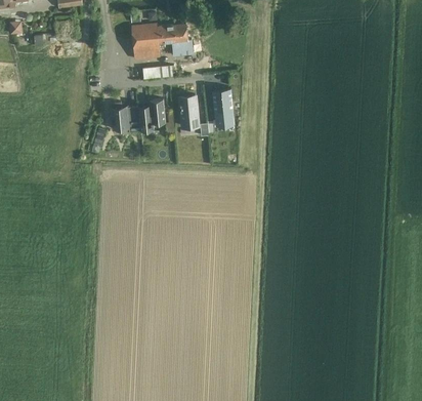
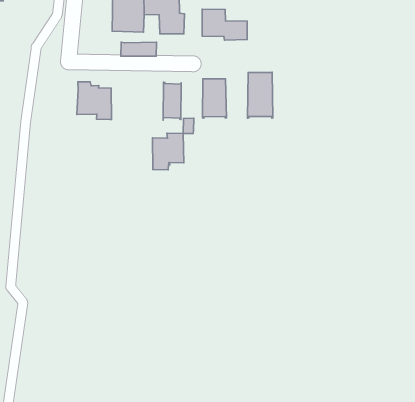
building: none -> [202,9,247,40]
building: none -> [247,72,273,118]
building: [137,99,165,131] -> [152,133,184,170]

